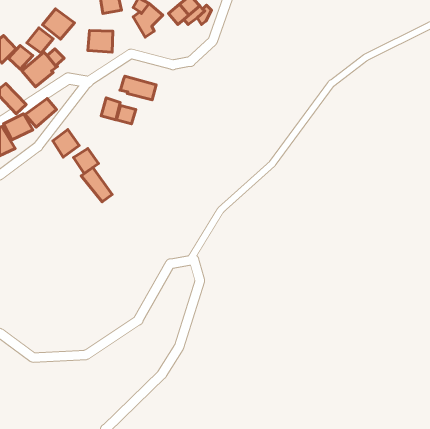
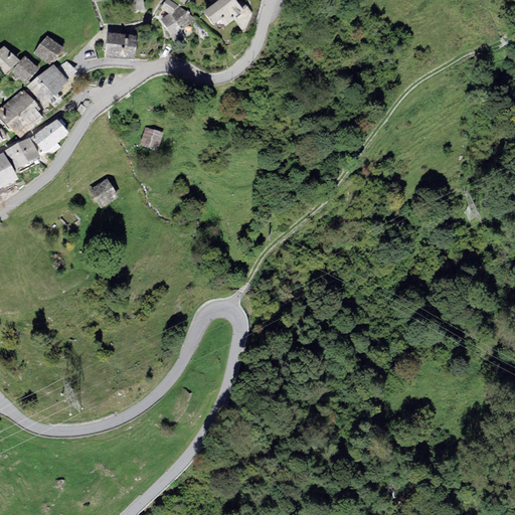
building: [42,9,75,39] -> none
building: none -> [7,91,42,125]
building: [120,76,156,100] -> none
building: [101,98,120,120] -> none
building: [53,129,79,157] -> none
building: [81,167,112,202] -> none

